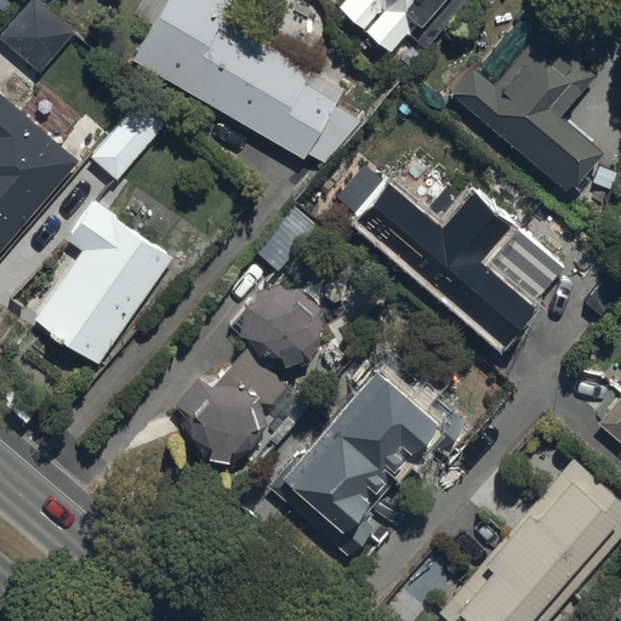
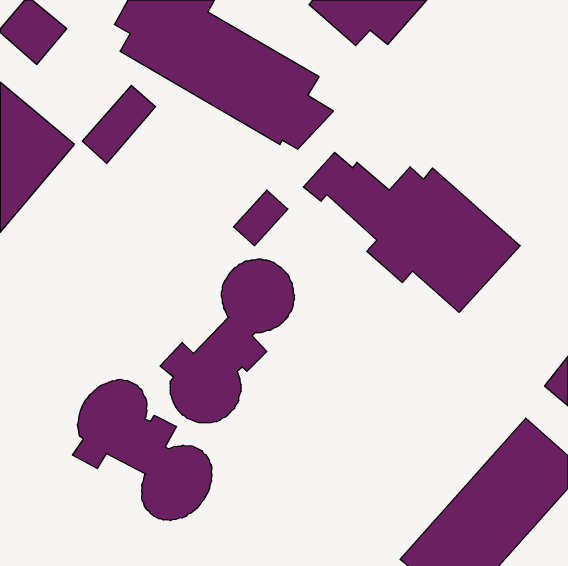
building: [450,28,600,192] -> none
building: [33,200,173,364] -> none
building: [266,352,466,559] -> none
building: none -> [72,379,212,521]

